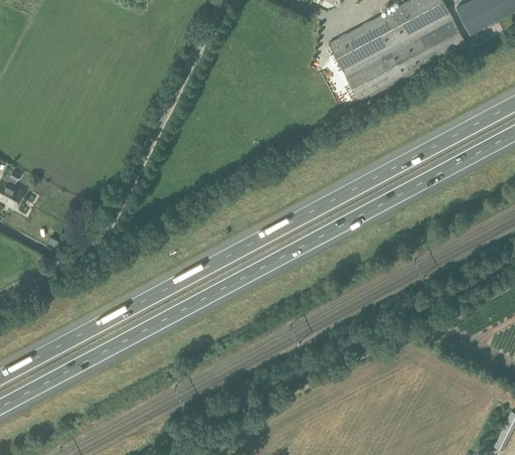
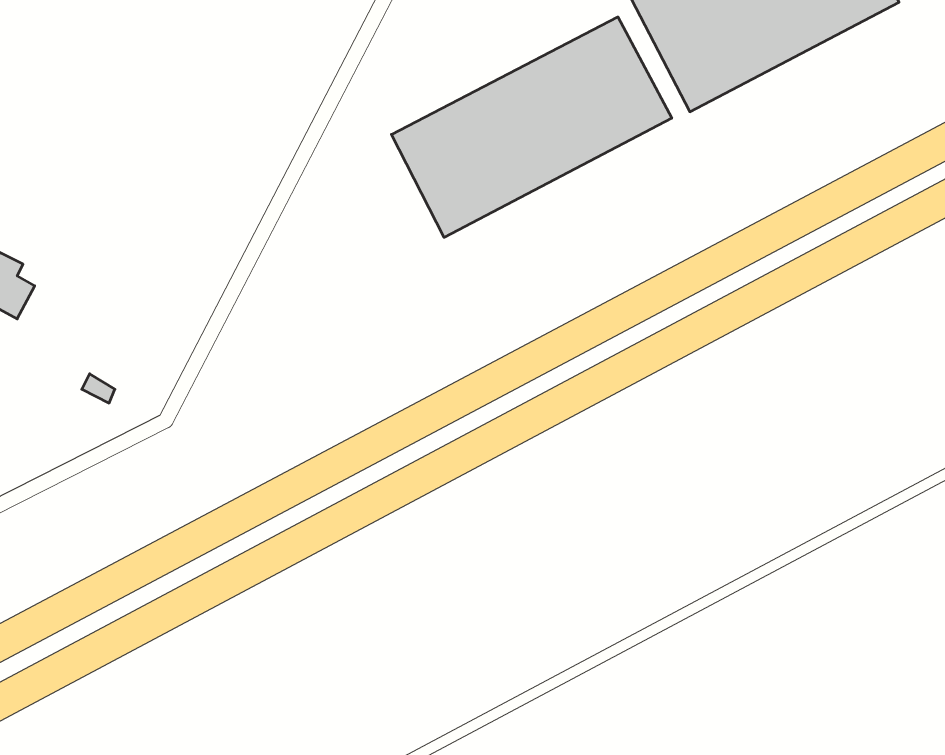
building: none -> [391,17,672,237]

